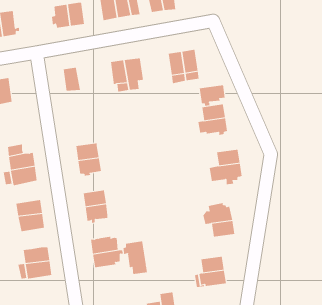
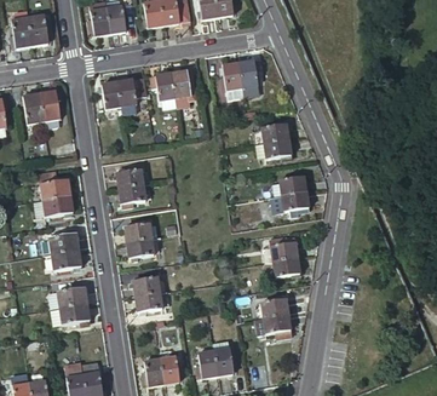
building: none -> [117,78,148,115]
building: none -> [40,91,63,121]
building: [199,85,225,106] -> none
building: [123,241,147,275] -> none

